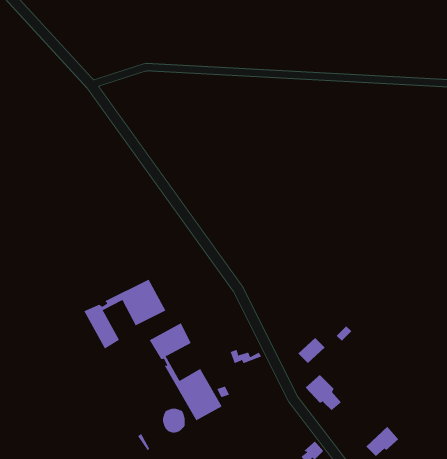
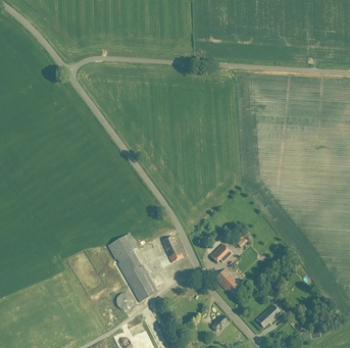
building: [84,279,166,350] -> none

